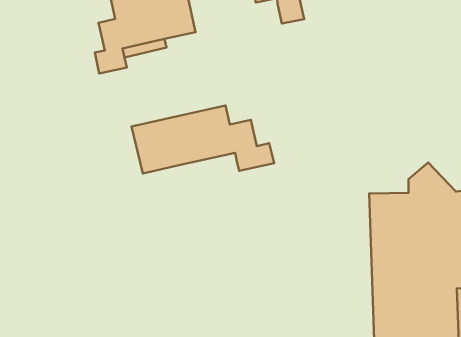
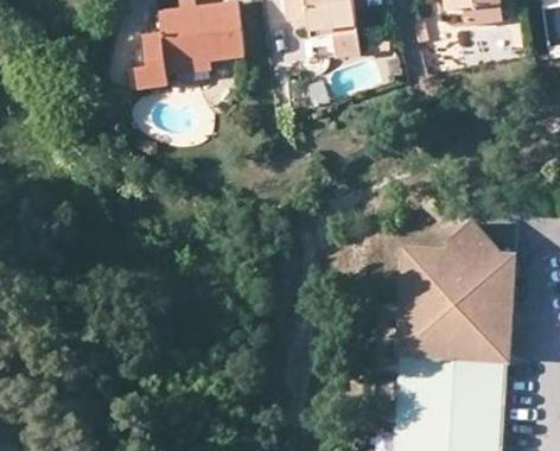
building: [132,106,274,174] -> none

